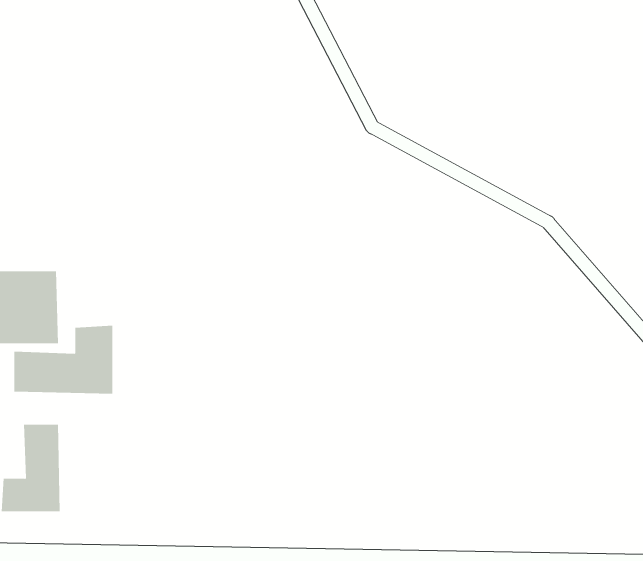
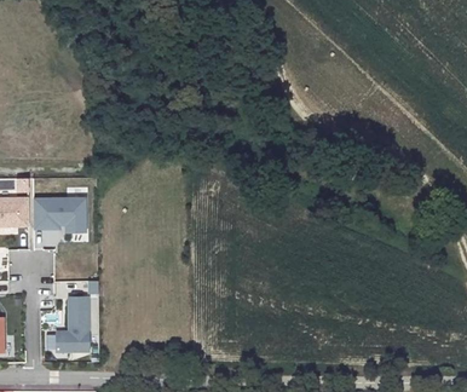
building: [14,325,113,394] -> none

